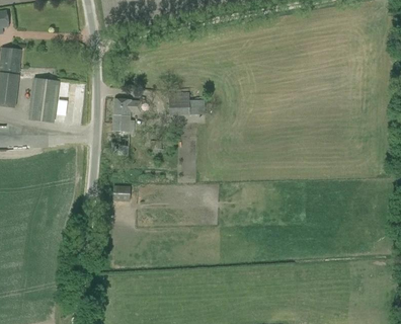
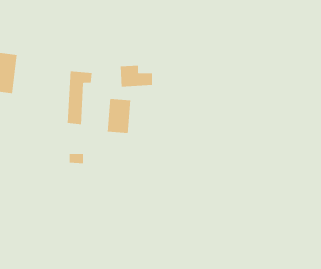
building: none -> [107,98,131,134]

